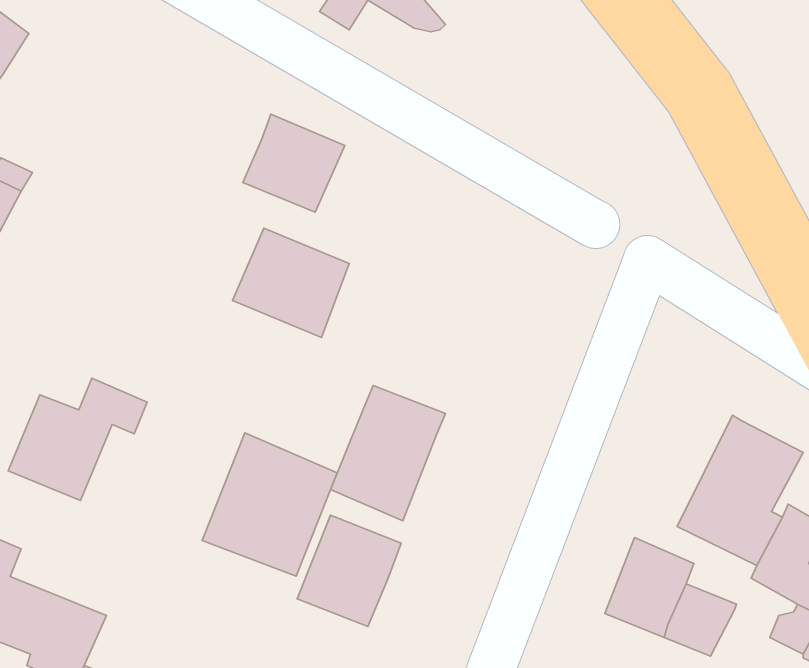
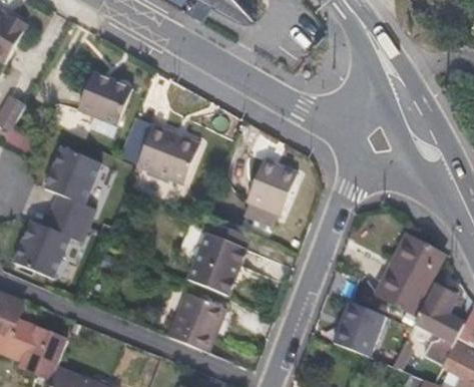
building: [243,114,345,212] -> [78,71,133,124]
building: none -> [45,147,101,226]
building: none -> [242,165,295,231]
building: [202,433,337,576] -> none

